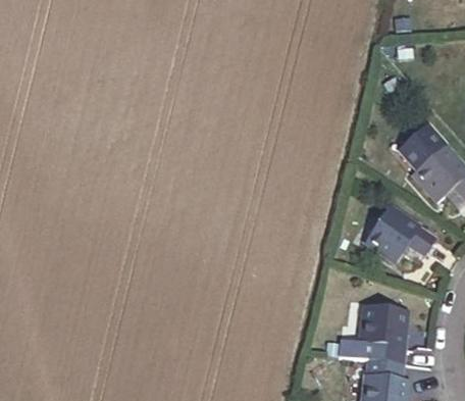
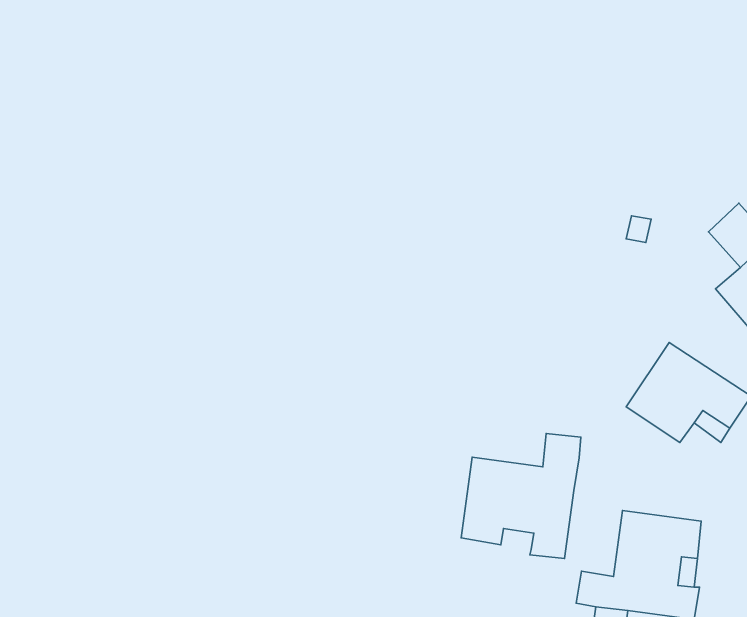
building: none -> [461,434,581,558]

